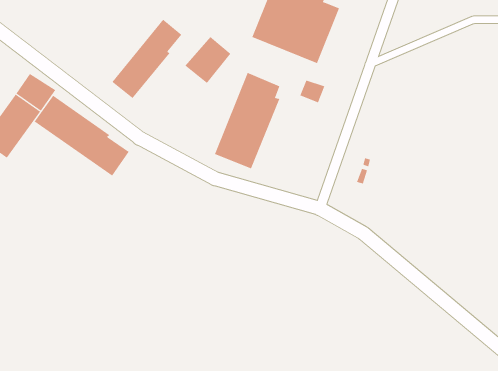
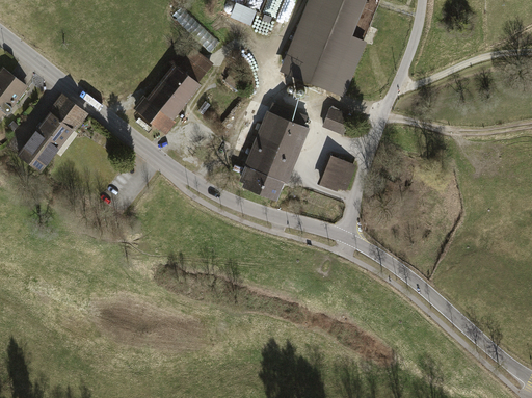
building: [185,36,231,84] -> none
building: [34,95,129,177] -> none
building: none -> [321,155,356,190]

